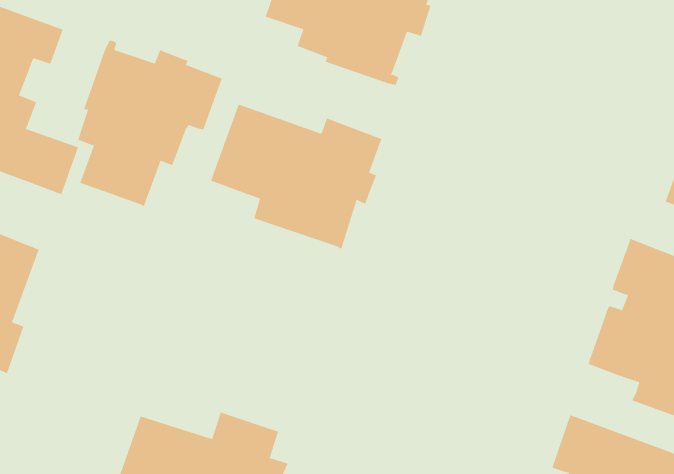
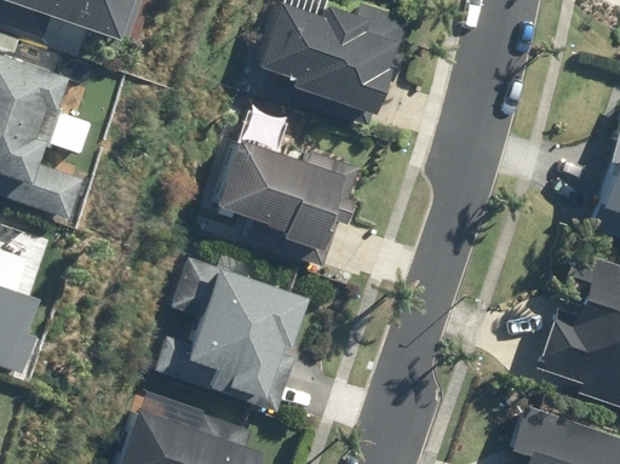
building: [78,39,222,207] -> none
building: none -> [159,253,329,412]

